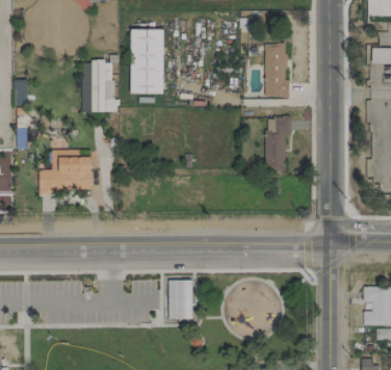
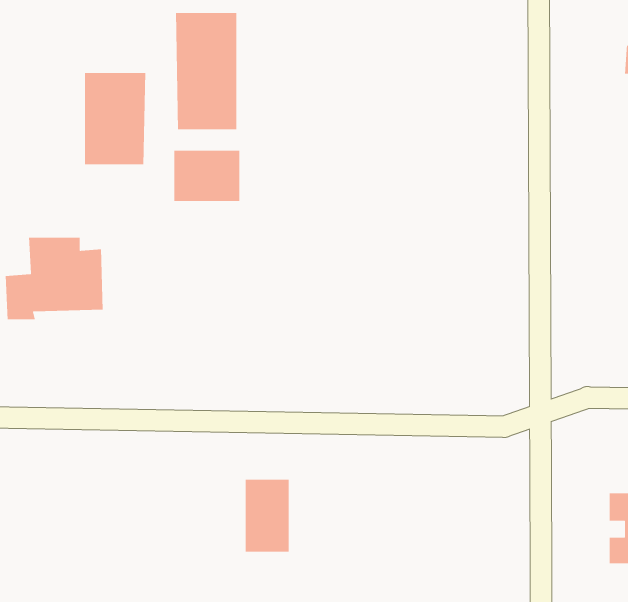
building: [264,43,288,97] -> none
building: none -> [173,150,240,202]
building: [265,116,290,171] -> none

